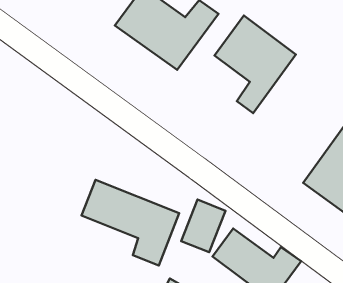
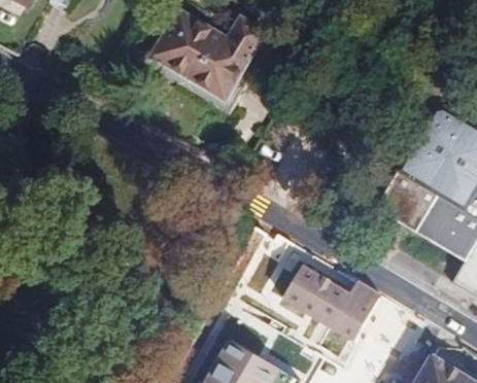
building: [214,15,296,113] -> none
building: [82,180,179,265] -> none

